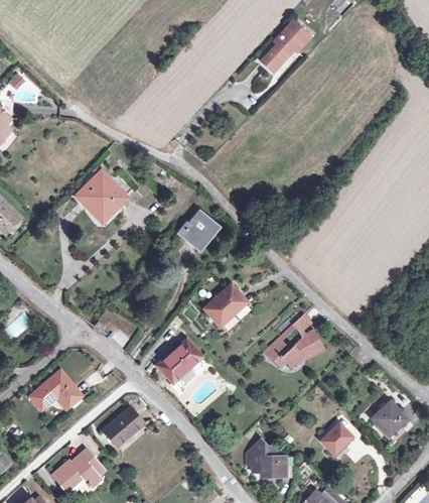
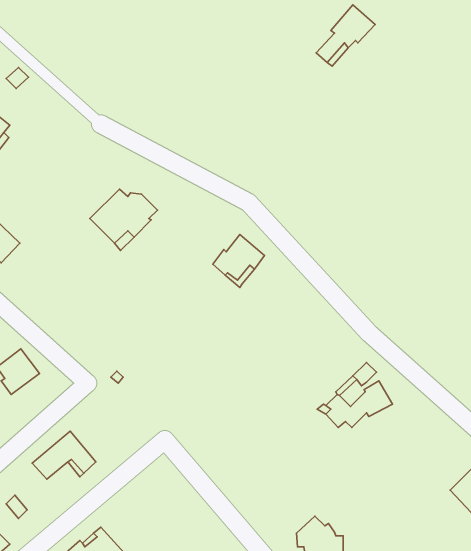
building: [204,284,247,326] -> none
building: [157,340,201,382] -> none
building: [104,407,144,446] -> none
building: [321,422,352,454] -> none

